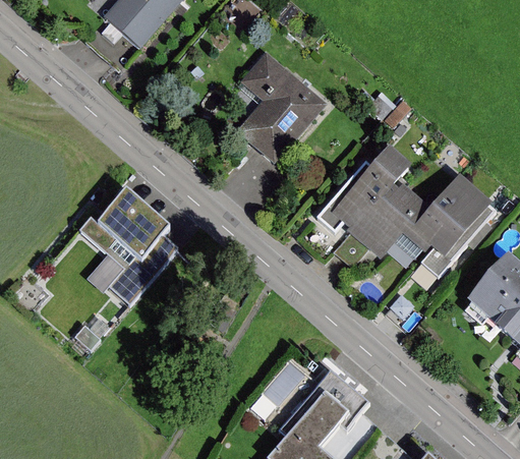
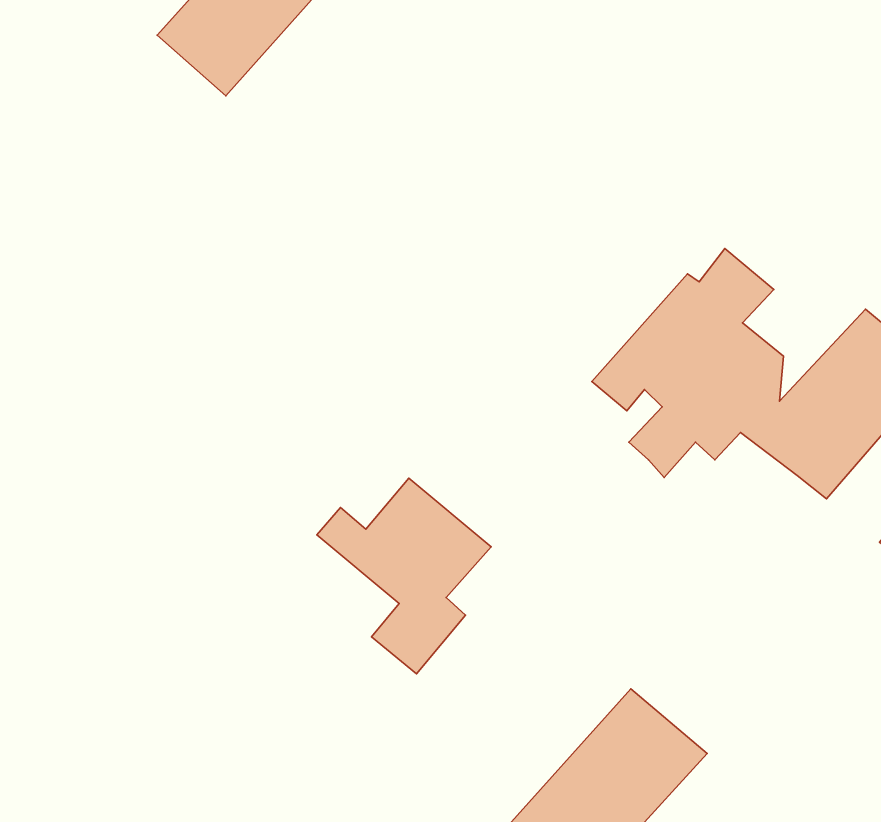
building: [235,51,325,162] -> none
building: [80,207,171,308] -> [317,478,491,674]

